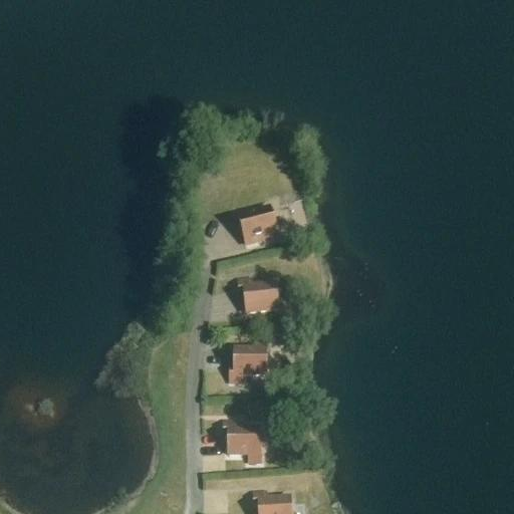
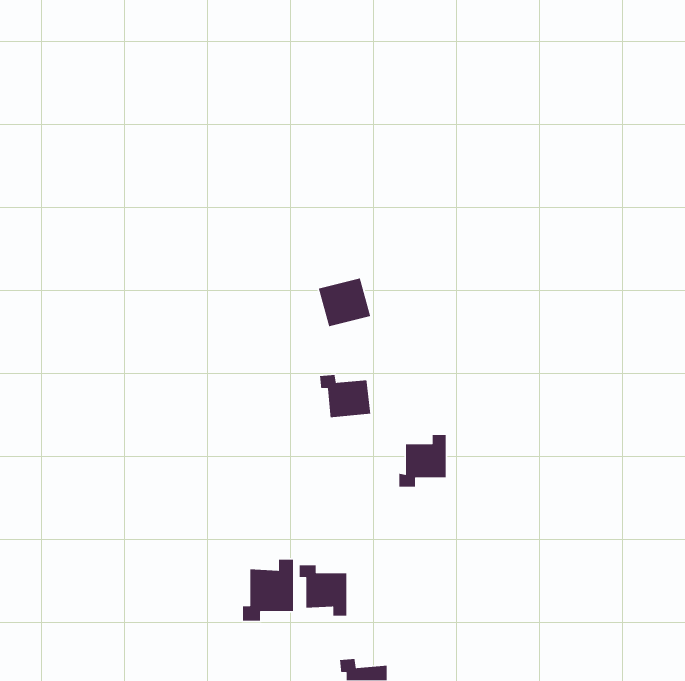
building: [230,342,266,382] -> [398,434,447,488]
building: none -> [242,559,294,622]

